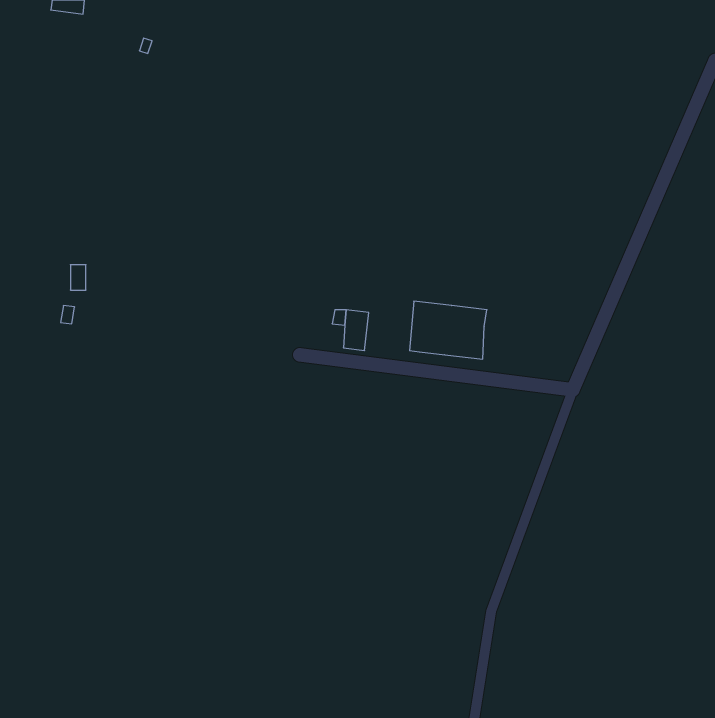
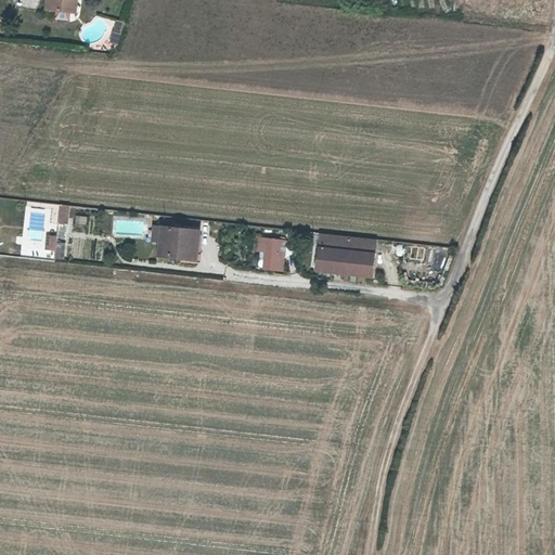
building: none -> [159,227,198,257]

